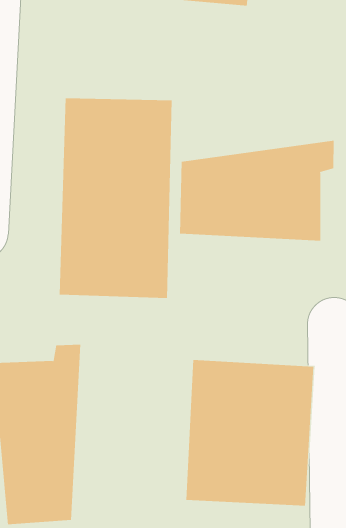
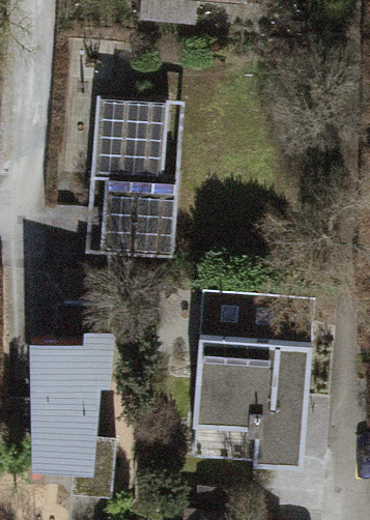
building: [180,140,334,242] -> none

